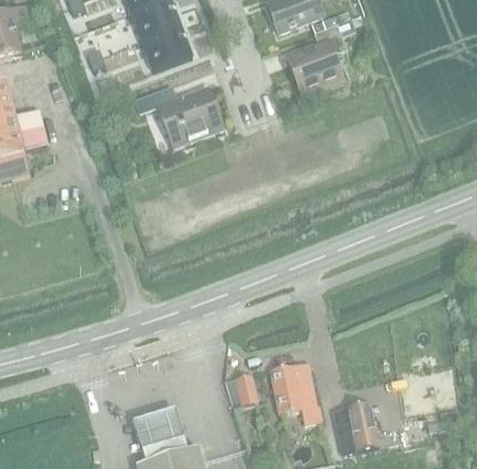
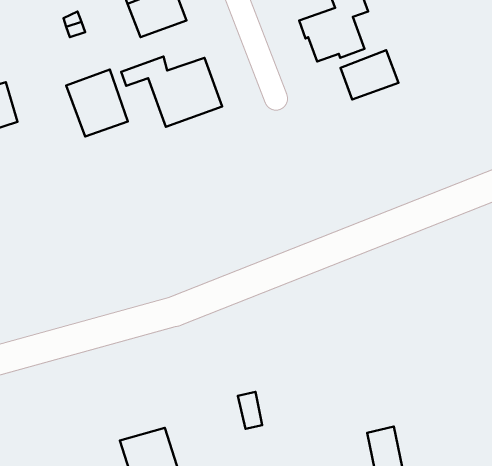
building: none -> [341,50,399,100]
building: none -> [66,69,128,137]
building: [269,362,320,423] -> none

